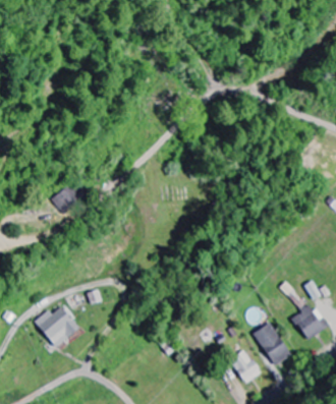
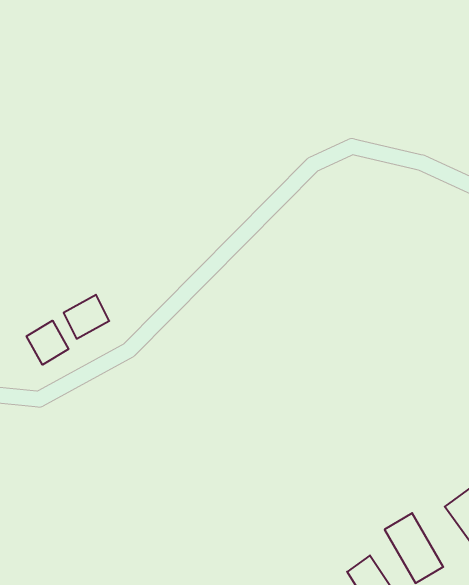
building: none -> [27,321,68,365]
building: [36,306,79,347] -> none

